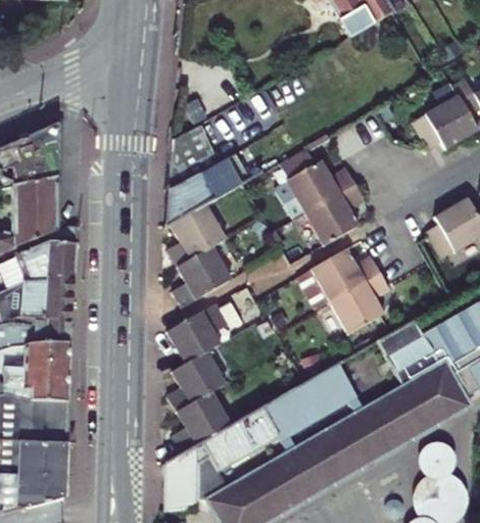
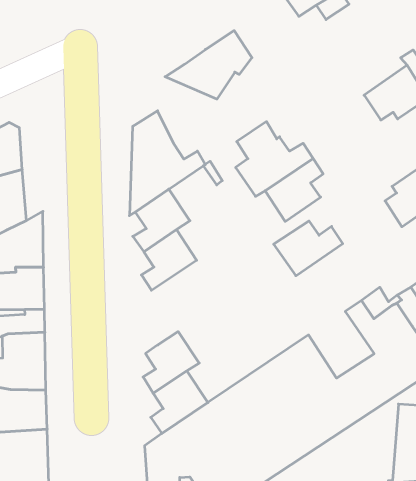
building: none -> [165,31,252,99]
building: [330,272,390,333] -> none
building: [166,303,227,363] -> none

